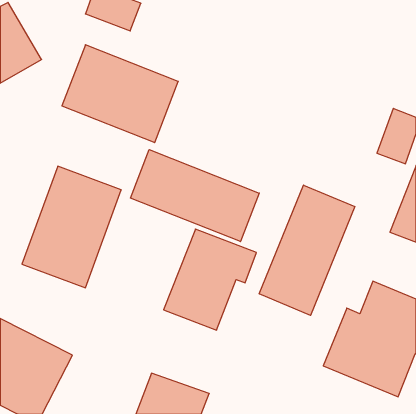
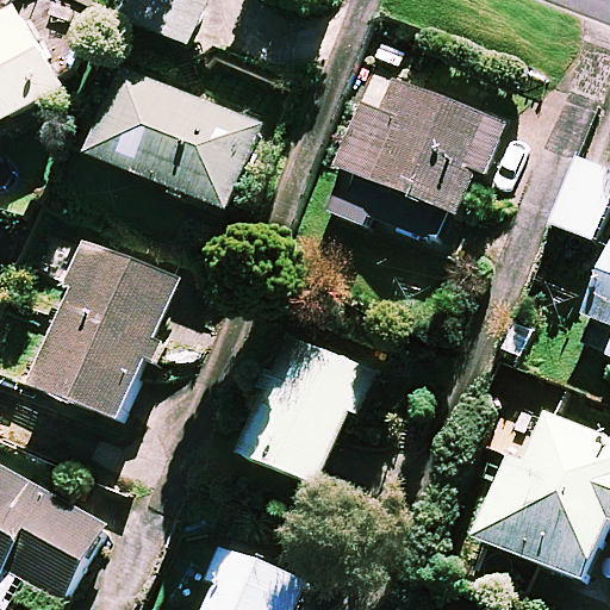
building: none -> [335,70,504,242]
building: [130,150,259,242] -> none
building: [259,185,355,315] -> none

